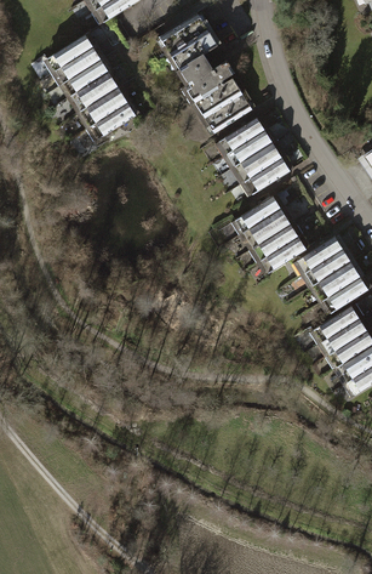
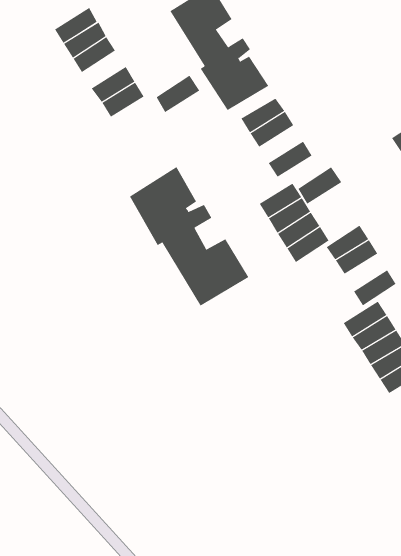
building: [76,74,118,109] -> [156,75,200,113]
building: [240,143,281,178] -> [297,166,342,204]
building: none -> [129,166,249,306]
building: [319,262,359,297] -> none

